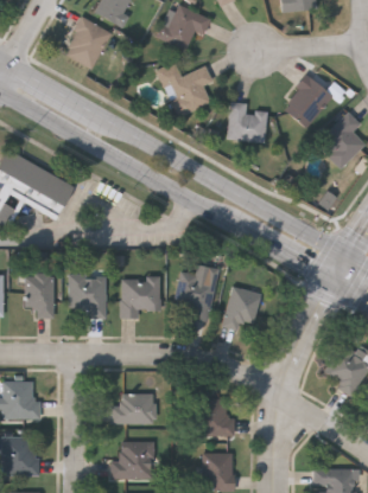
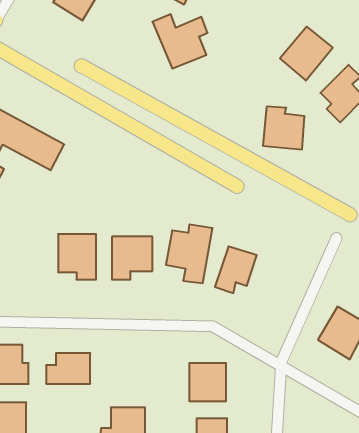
building: [229,101,269,142] -> [263,107,305,149]
building: [25,275,53,319] -> none
building: [112,395,154,424] -> [46,353,90,384]

